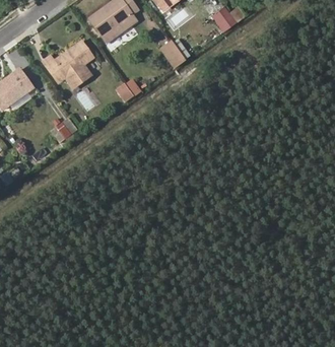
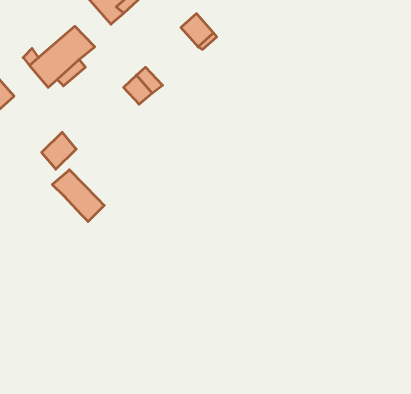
building: none -> [52,170,104,222]

